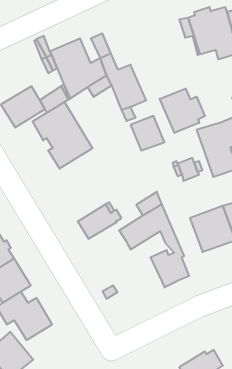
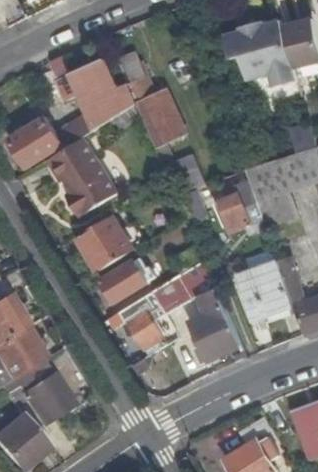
building: [160,89,205,133] -> none
building: none -> [80,218,133,272]
building: none -> [110,291,162,348]

